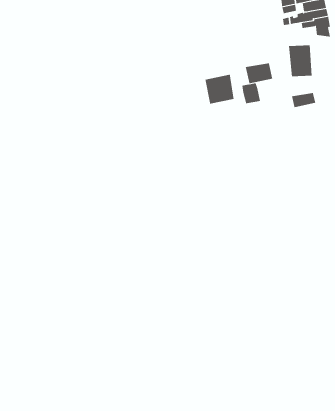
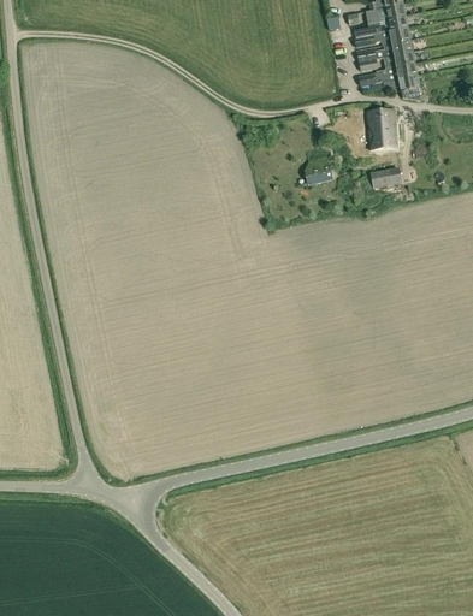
building: [245,62,273,84] -> none
building: [205,74,234,104] -> none

